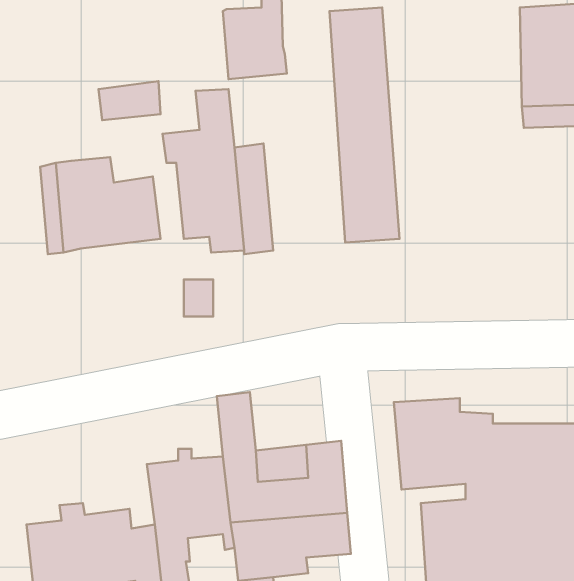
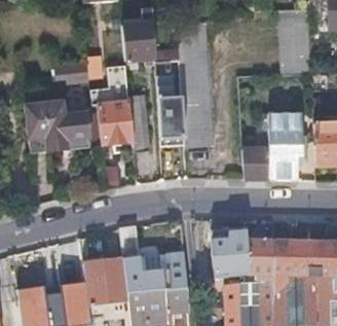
building: none -> [156,68,185,146]
building: none -> [242,120,303,179]

